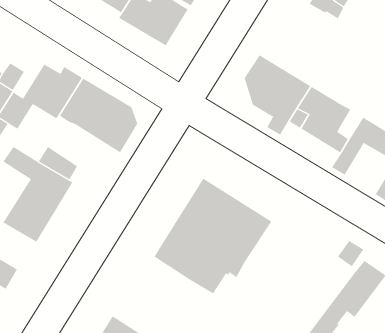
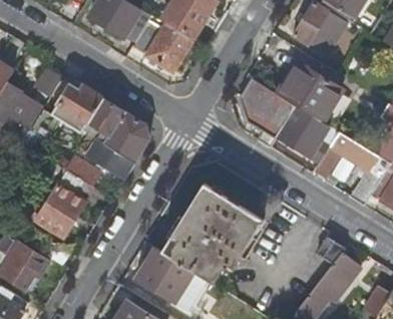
building: none -> [278,62,340,120]
building: none -> [84,138,133,179]
building: none -> [133,247,192,305]

